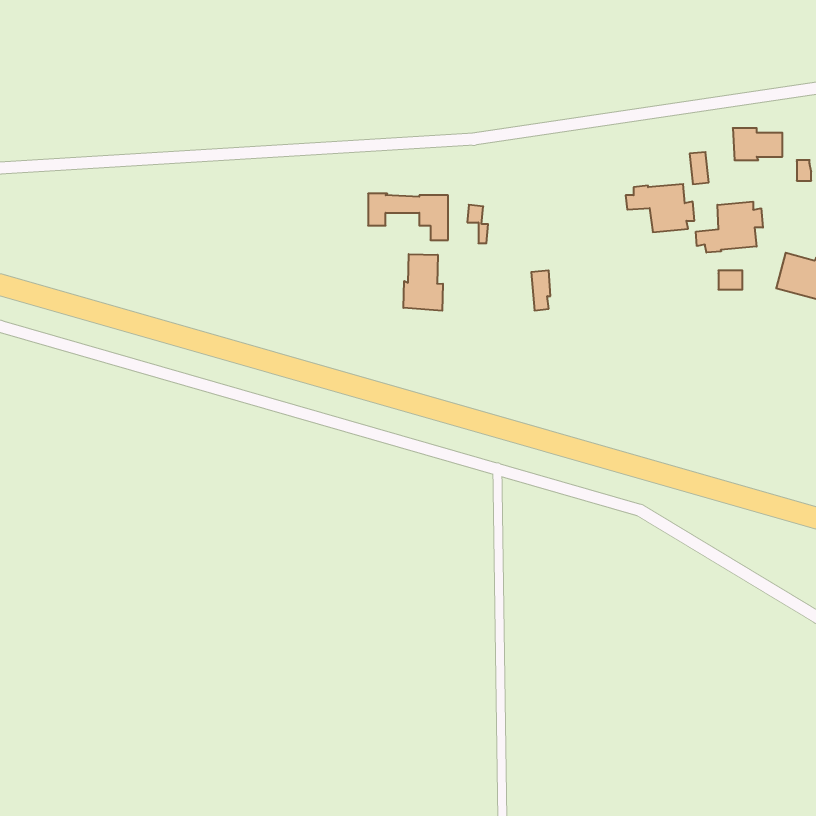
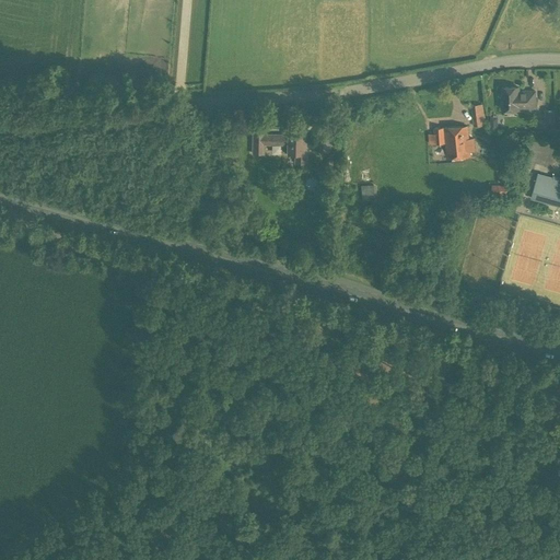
building: [696,202,763,253] -> none
building: [403,254,443,311] -> none

